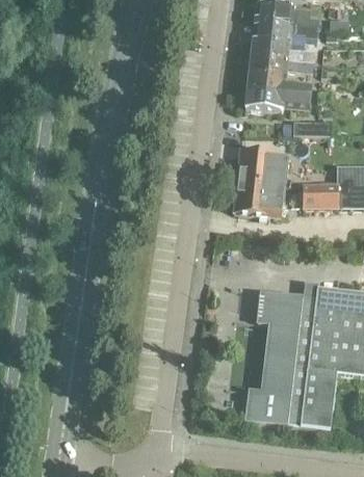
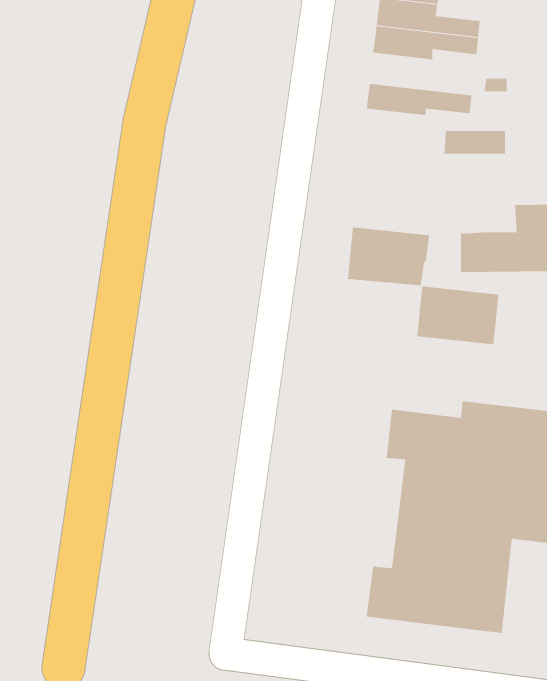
building: [248,72,313,98] -> none
building: [237,148,288,184] -> [416,286,499,345]

